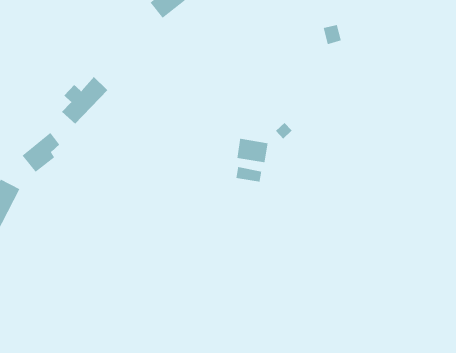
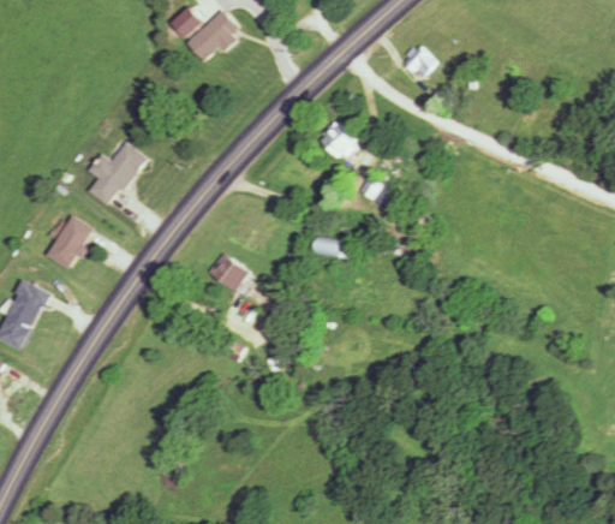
building: none -> [318,119,358,159]
building: [236,138,268,163] -> none
building: none -> [208,252,247,291]

